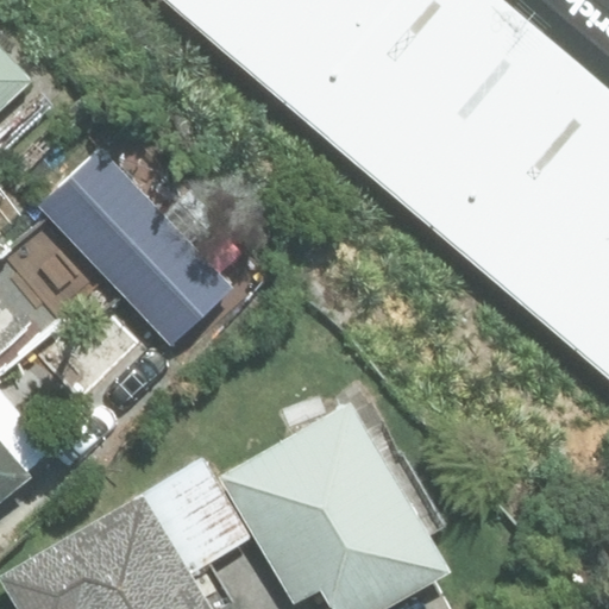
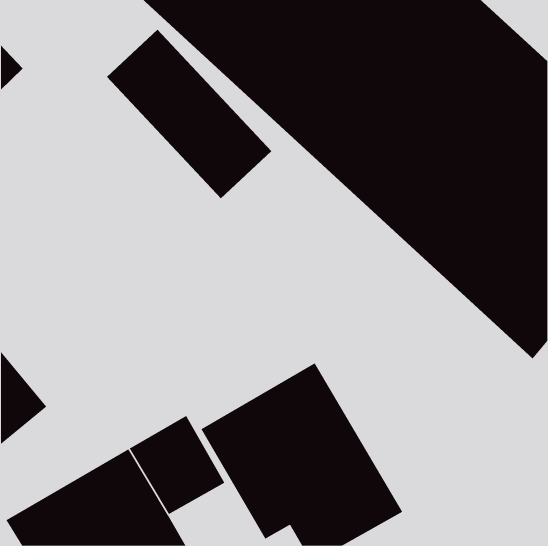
building: [44,150,228,339] -> [106,29,272,199]

